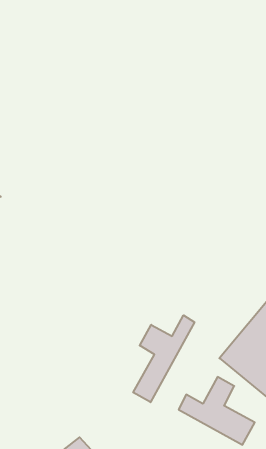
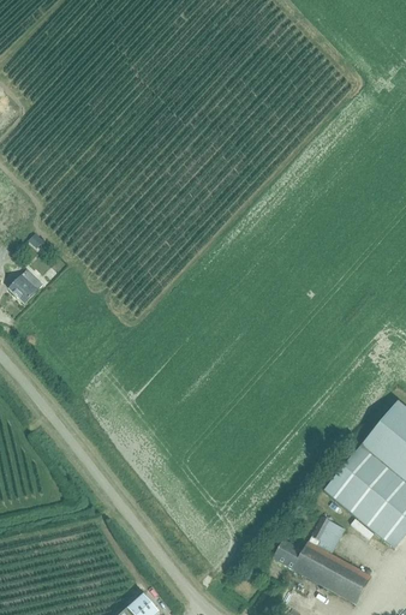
building: [133,315,194,402] -> none

